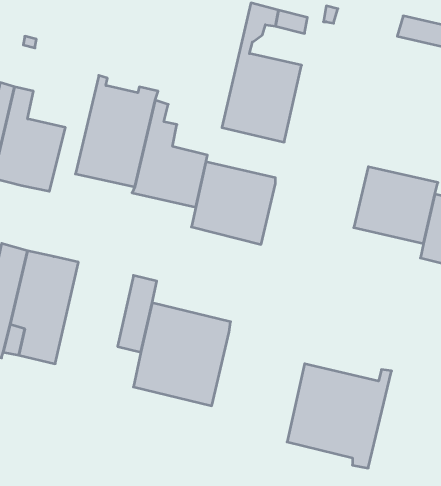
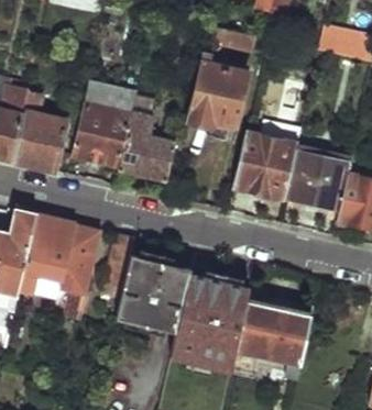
building: [191,162,275,244] -> [232,134,296,197]
building: none -> [55,223,103,318]
building: none -> [172,276,250,369]

